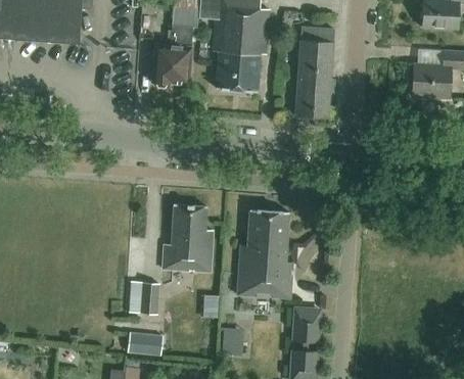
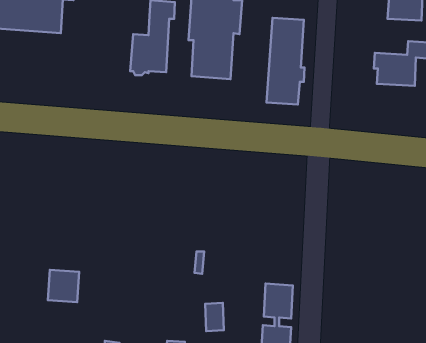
building: [159,204,211,272] -> none
building: [237,209,292,297] -> none
building: [128,281,160,315] -> [48,270,79,302]
building: [128,332,163,356] -> none

